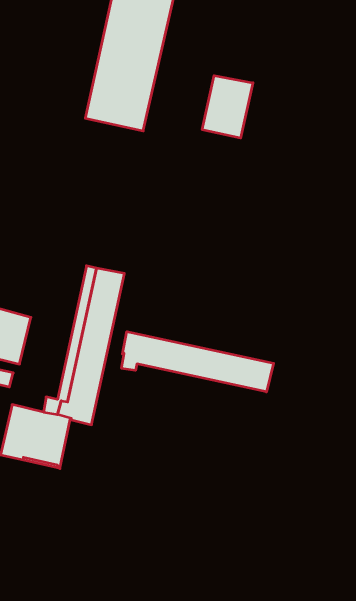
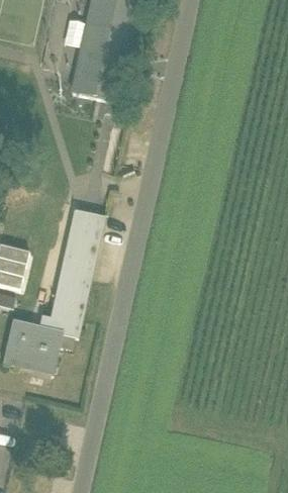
building: [202,76,253,138] -> none
building: [122,332,274,392] -> none

